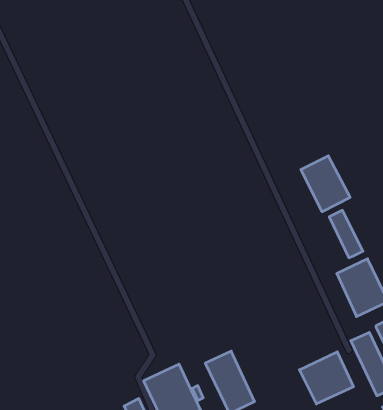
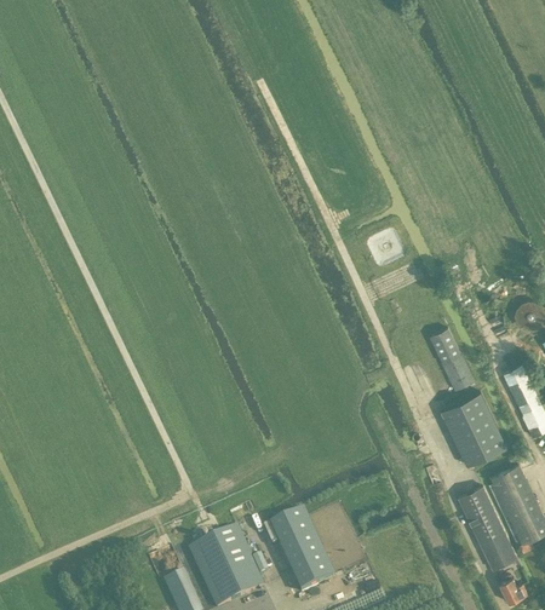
building: [301,156,350,212] -> none
building: [299,352,353,404] -> none

